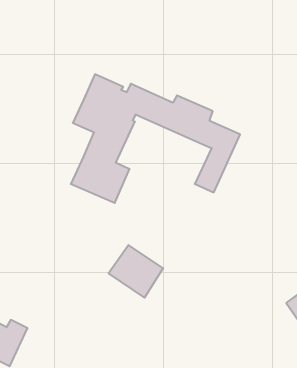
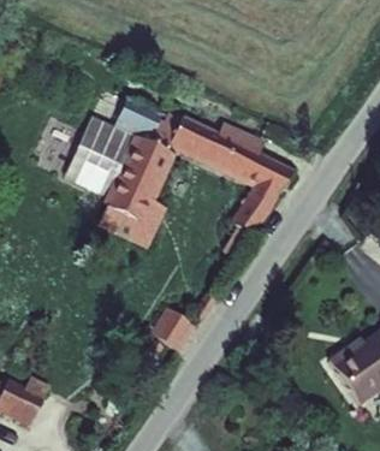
building: none -> [64,113,119,191]

